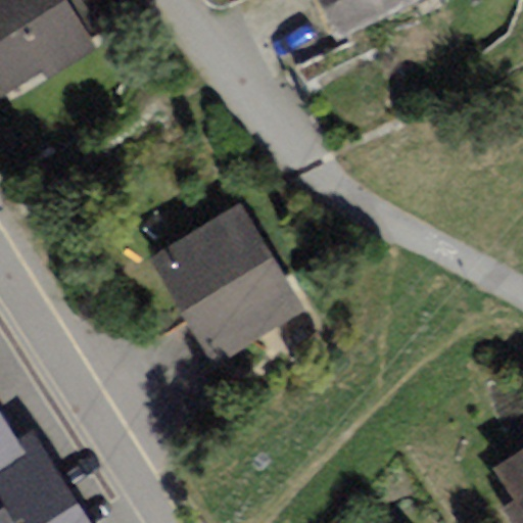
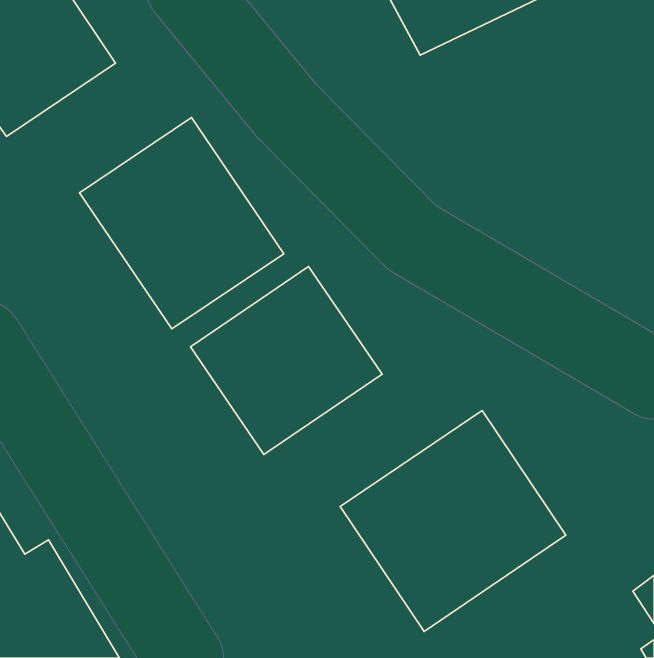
building: none -> [80,118,284,329]
building: none -> [340,410,566,631]

